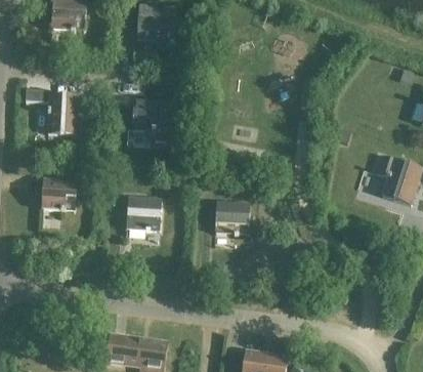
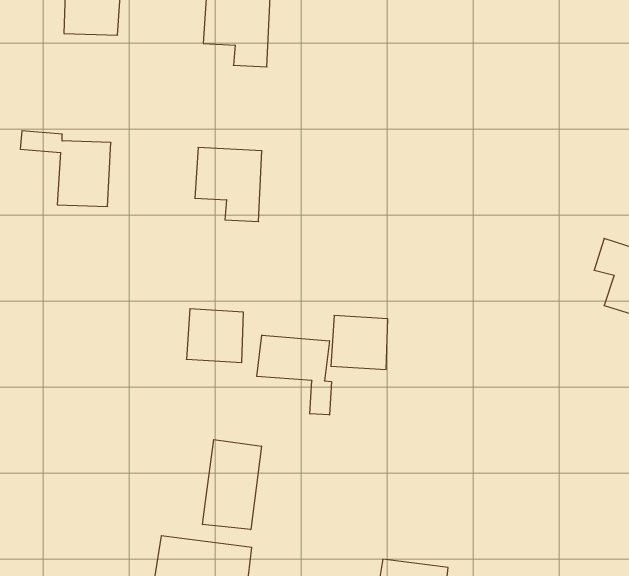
building: [41,177,76,210] -> none
building: none -> [257,335,331,415]
building: none -> [203,440,261,530]

